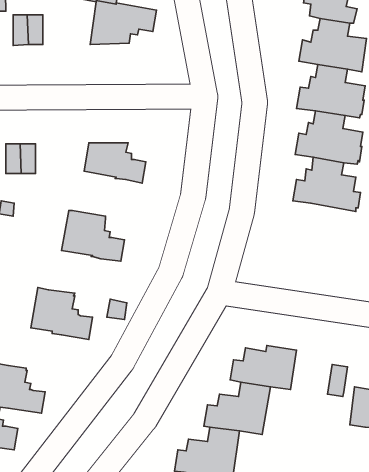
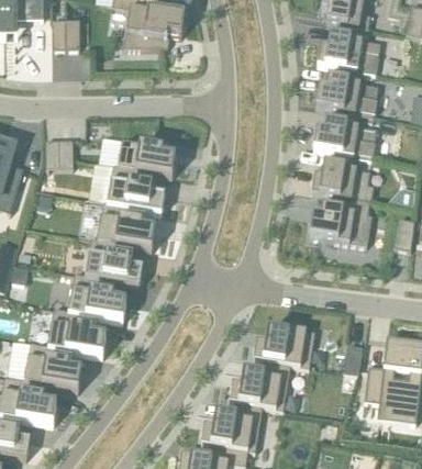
building: none -> [107,164,164,212]
building: none -> [309,194,371,244]
building: none -> [85,237,142,284]
building: none -> [47,308,106,355]

